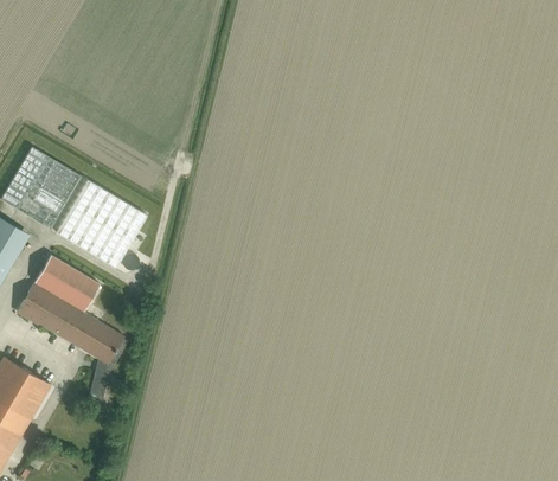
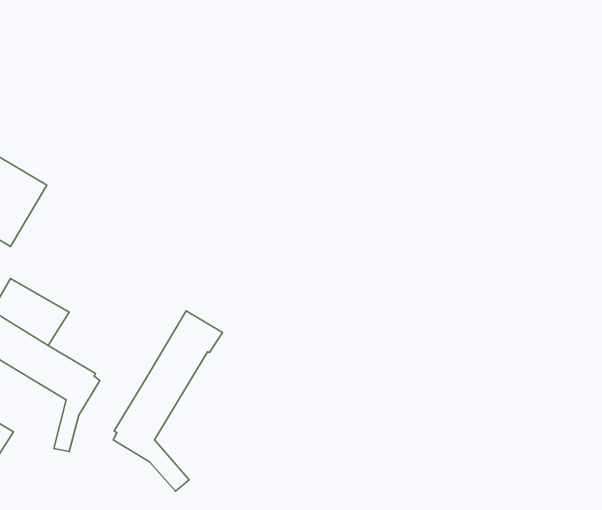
building: [56,179,147,268] -> none
building: none -> [113,311,222,491]

